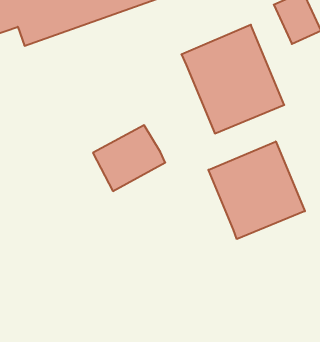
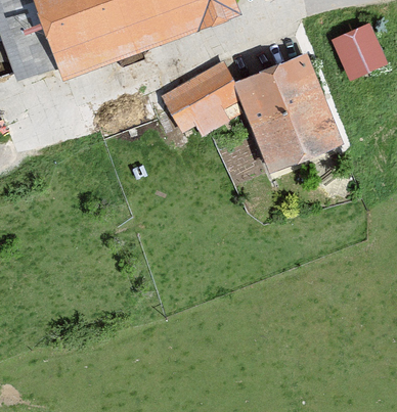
building: [93,125,165,191] -> [161,63,238,134]
building: [208,141,305,239] -> none

